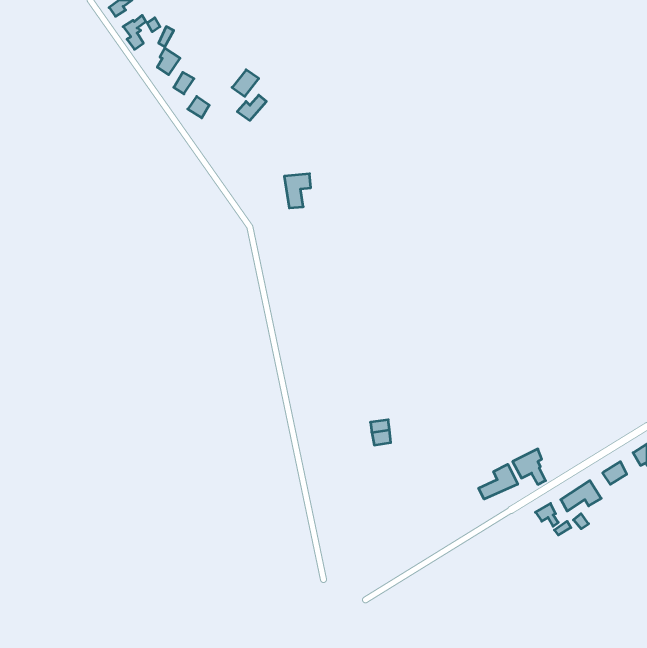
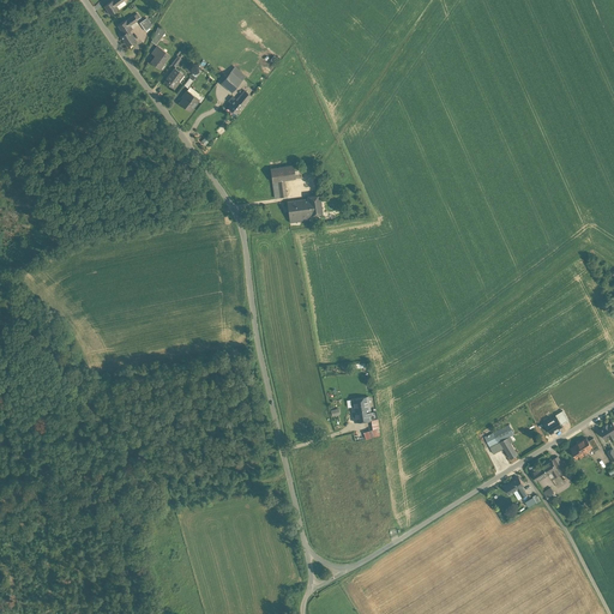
building: none -> [287,194,323,222]
building: [479,464,518,499] -> none

